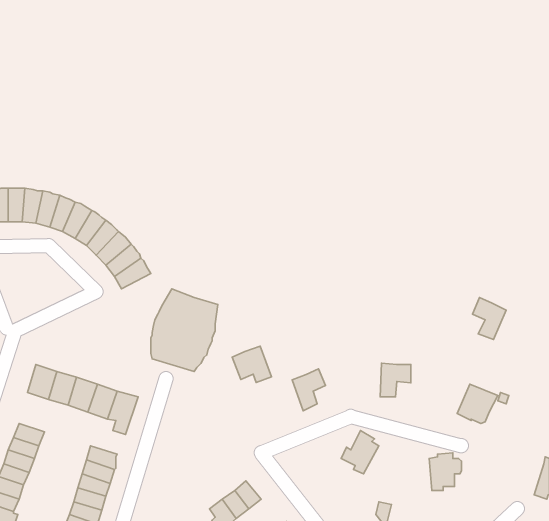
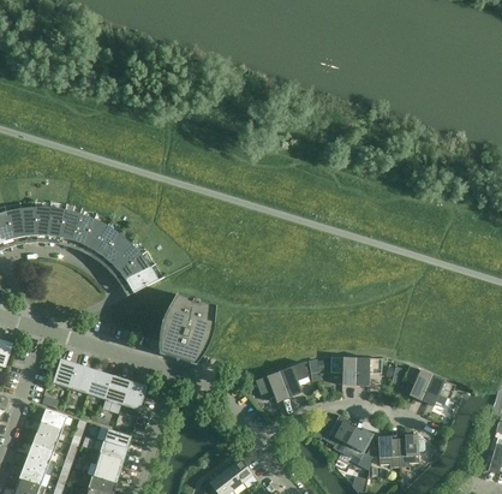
building: [473,298,506,340] -> [402,364,431,400]
building: [232,346,271,382] -> [255,371,288,403]
building: none -> [329,357,355,386]
building: none -> [340,428,372,459]
building: none -> [377,435,399,468]

